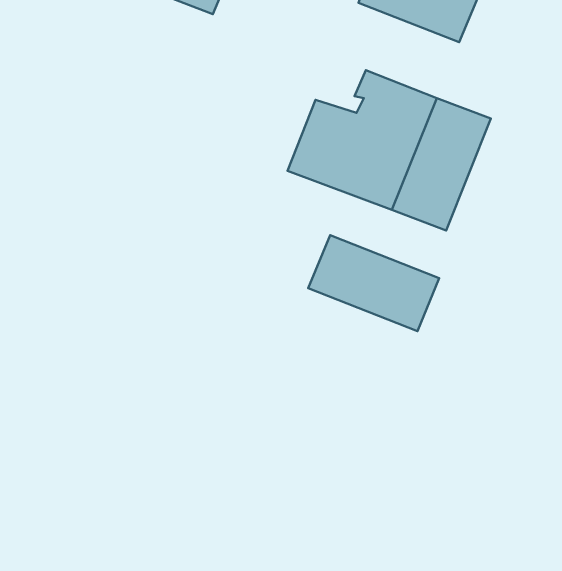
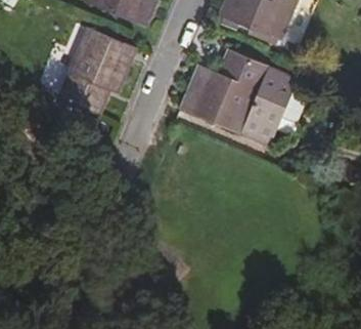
building: none -> [55,33,130,117]
building: [308,235,439,331] -> none

